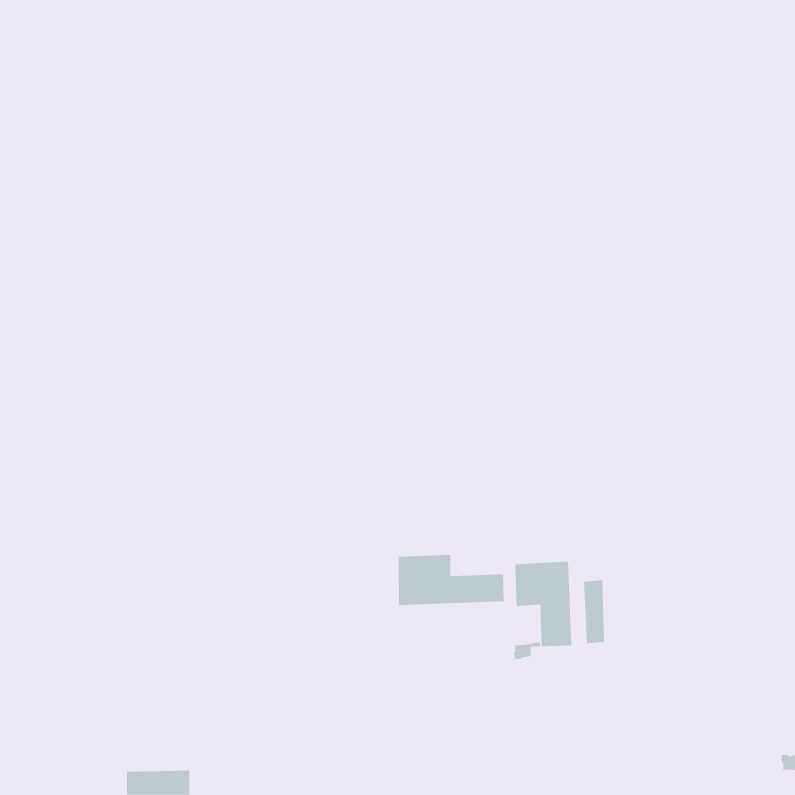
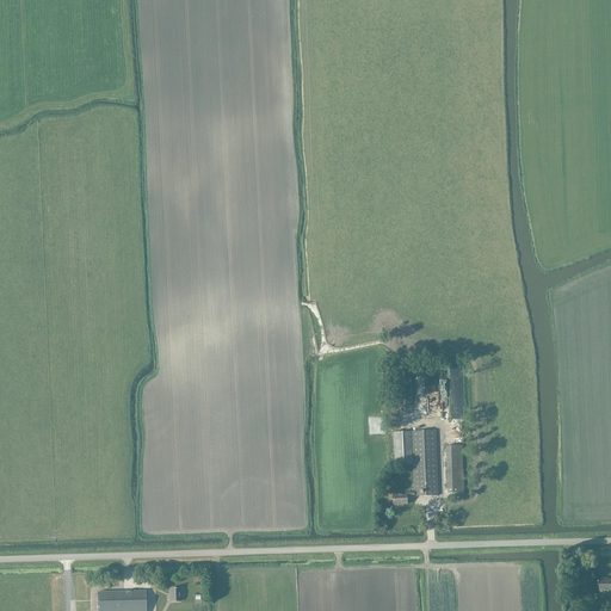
building: [398,554,504,606] -> none

